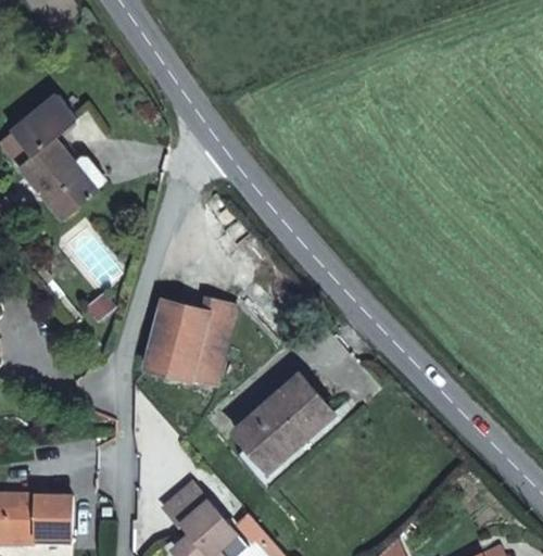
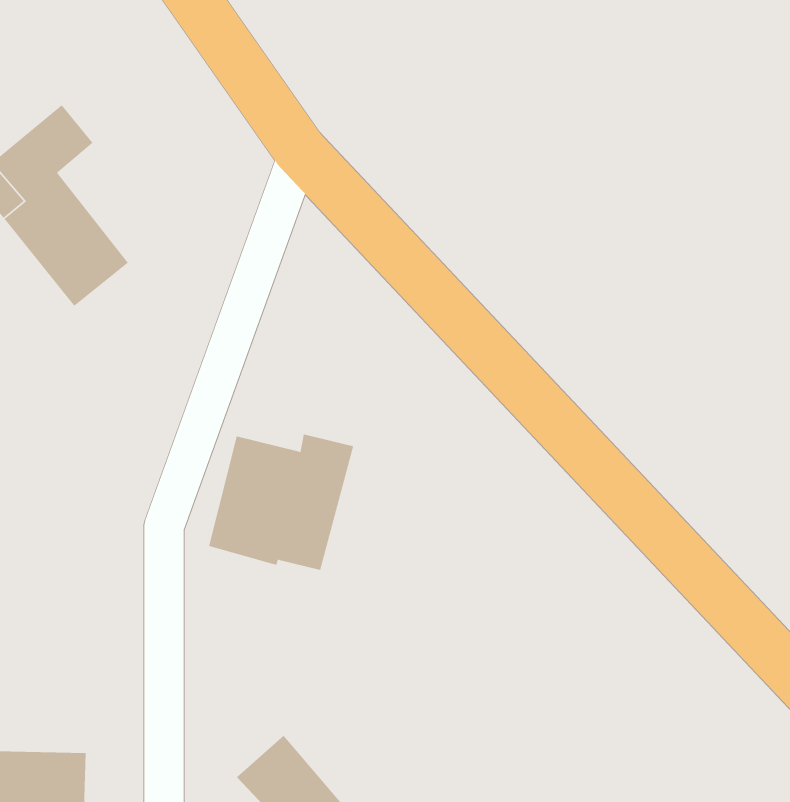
building: [232,375,340,489] -> none

